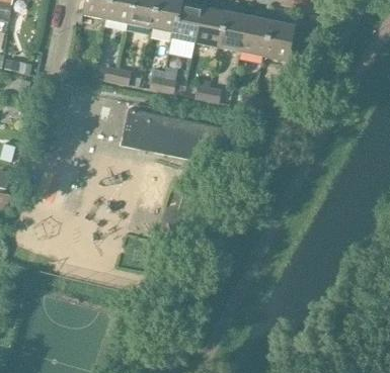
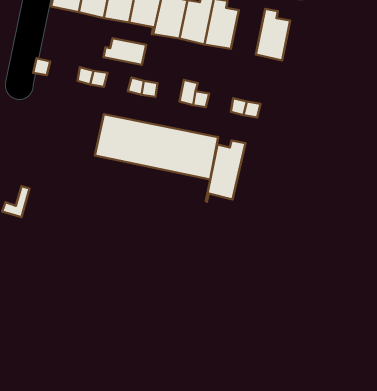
building: [239,13,269,56] -> none
building: none -> [103,38,146,65]
building: none -> [206,141,245,202]

